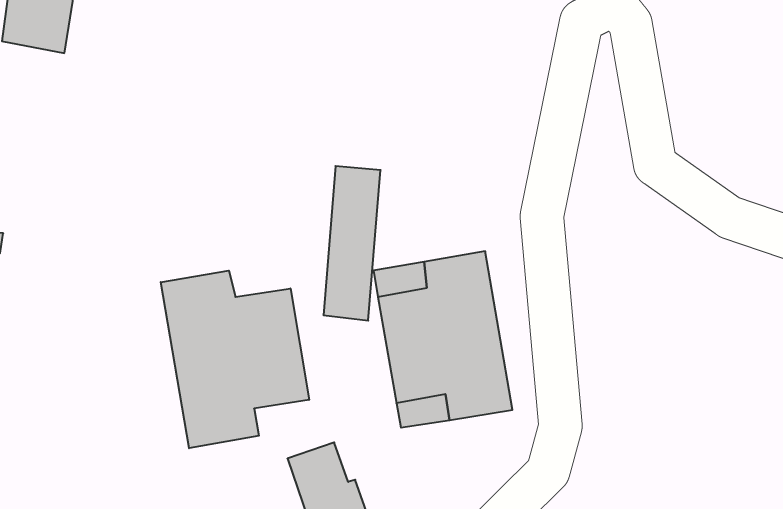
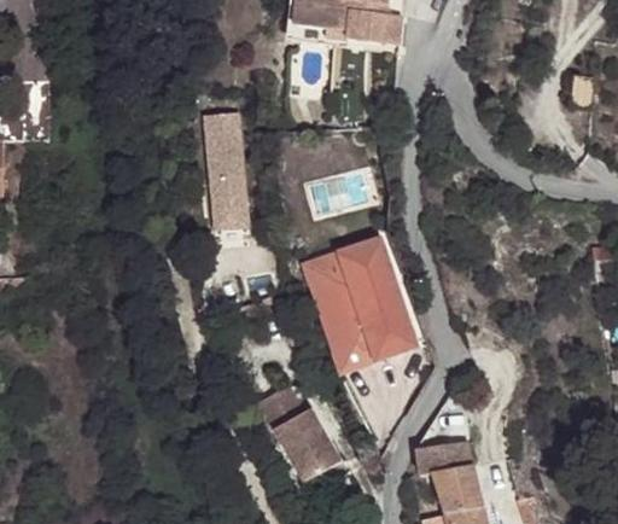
building: [323,166,381,321] -> [209,103,250,212]
building: [161,271,309,448] -> none

